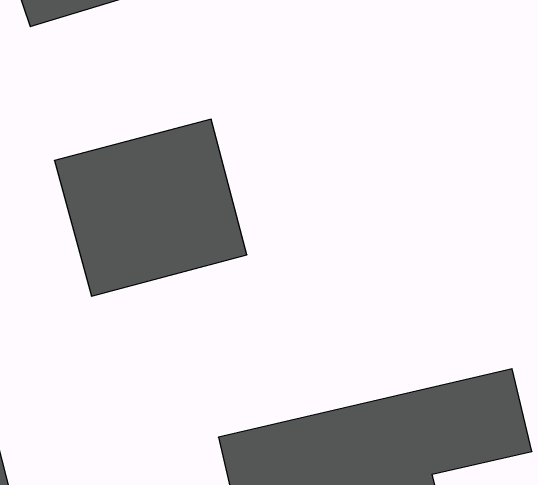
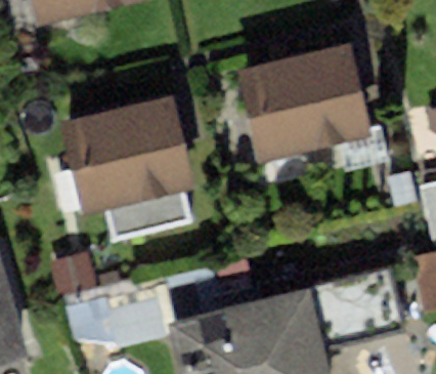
building: none -> [233,36,366,157]

